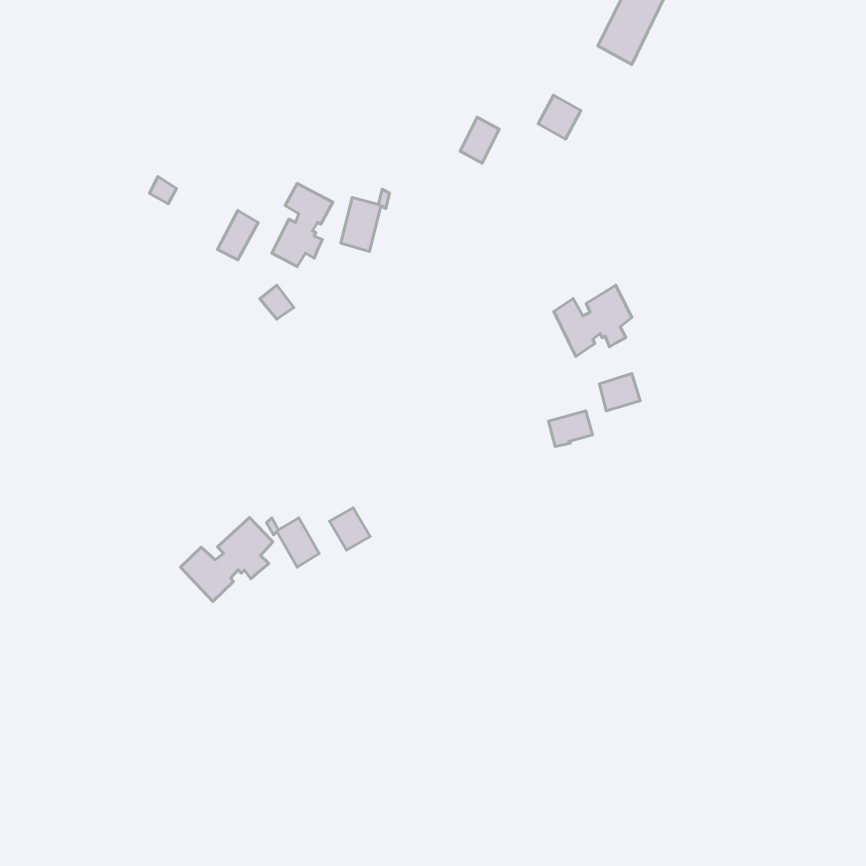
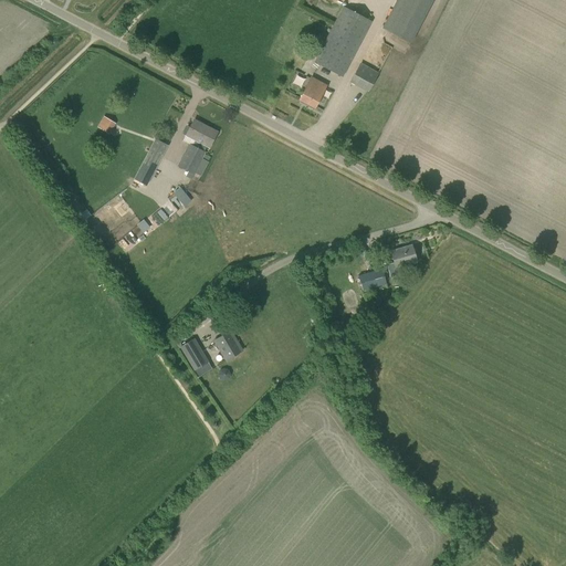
building: none -> [316,7,370,74]
building: [341,189,390,251] -> none
building: [554,285,632,357] -> none
building: [181,517,273,602] -> none

